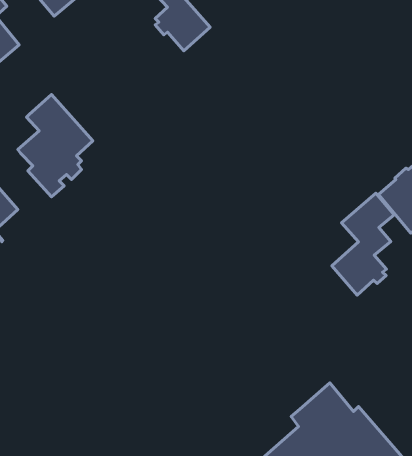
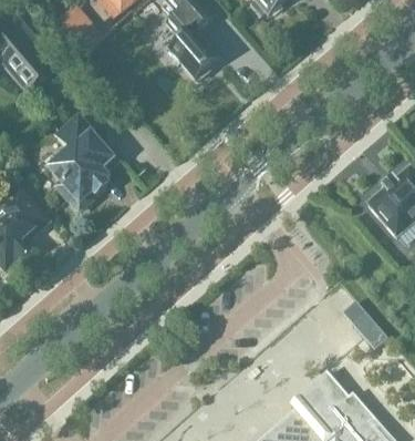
building: [332,193,394,295] -> none
building: none -> [352,310,388,349]

